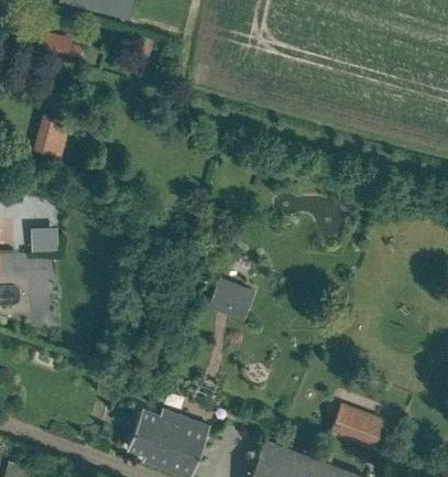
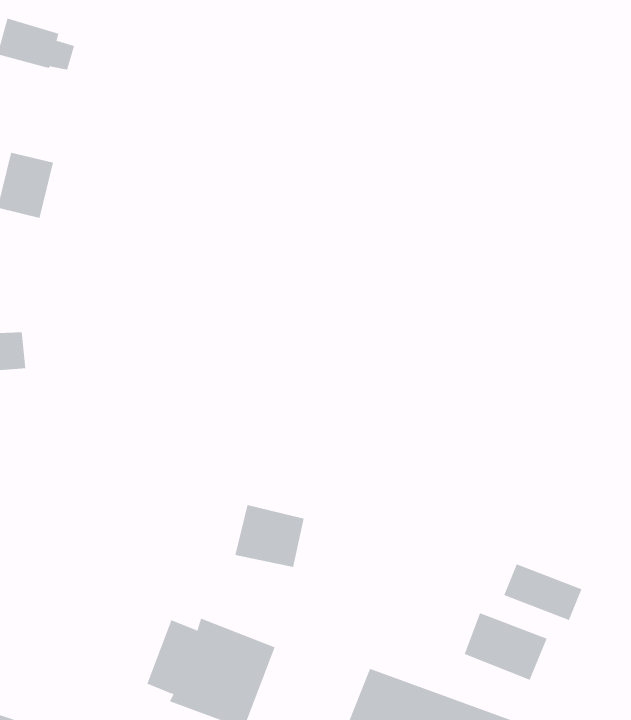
building: [201,277,245,316] -> [235,505,304,567]
building: none -> [504,564,582,621]

